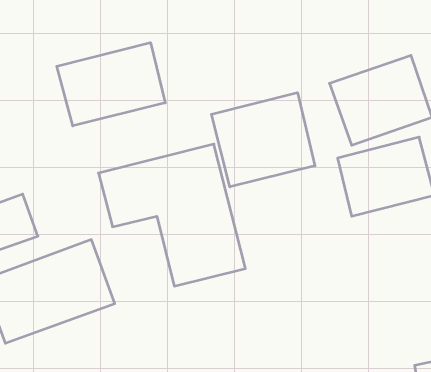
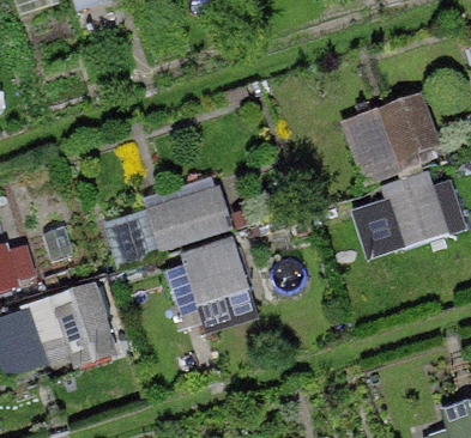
building: [57,43,165,126] -> none
building: [211,93,315,187] -> none

